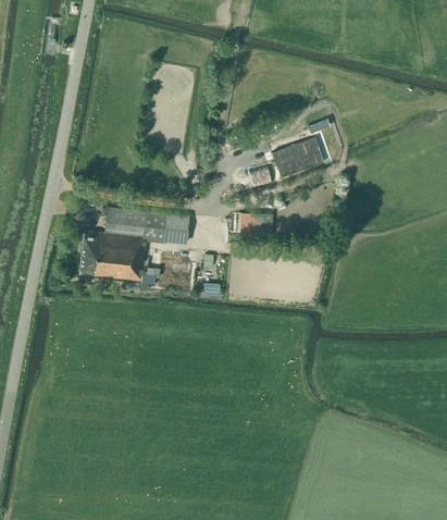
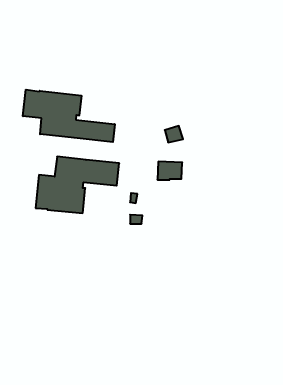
building: none -> [23,90,115,142]
building: [271,137,323,177] -> none

